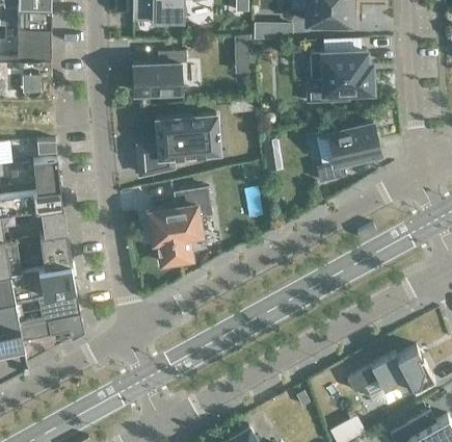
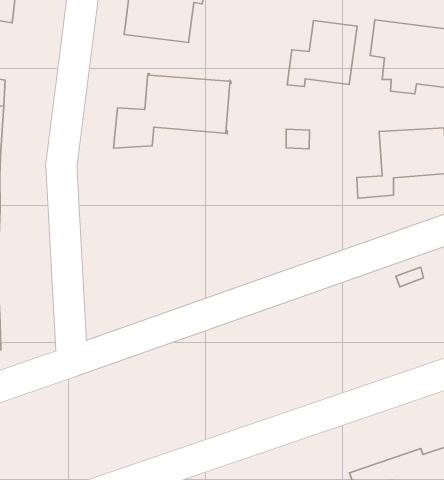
building: none -> [287,21,357,87]
building: [144,189,210,266] -> none

